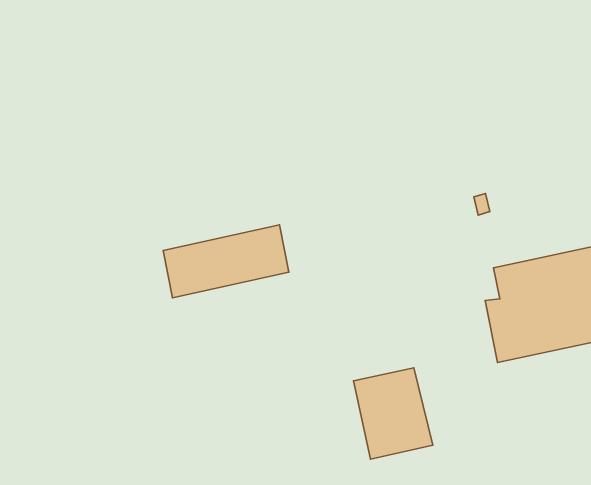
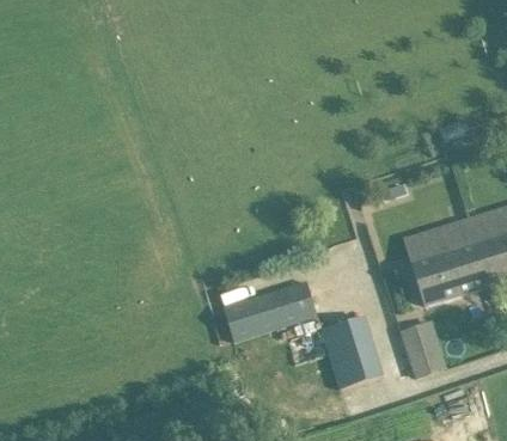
building: [163,225,289,298] -> [221,280,317,343]
building: none -> [403,319,444,368]

